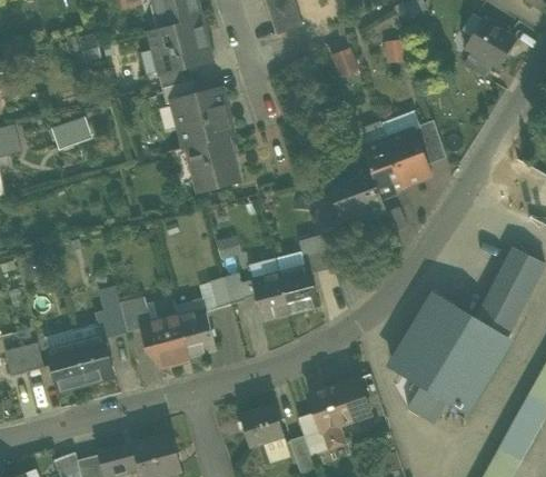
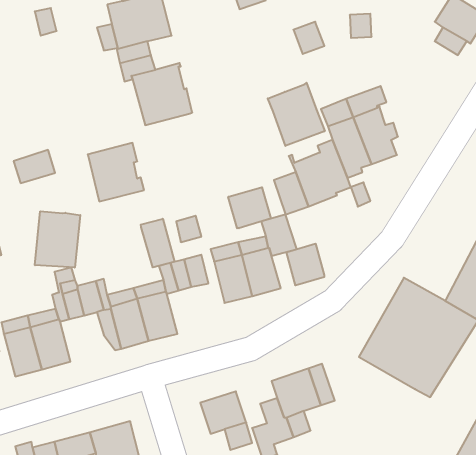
building: none -> [268,83,325,146]
building: [51,120,91,152] -> [14,150,55,183]
building: [410,120,445,159] -> none
building: [186,137,240,193] -> [88,143,144,201]
building: none -> [228,187,271,228]
building: none -> [35,211,80,268]
building: none -> [141,219,175,267]
building: none -> [287,244,324,285]
building: [394,380,447,425] -> none

